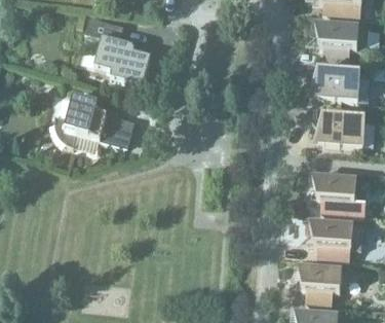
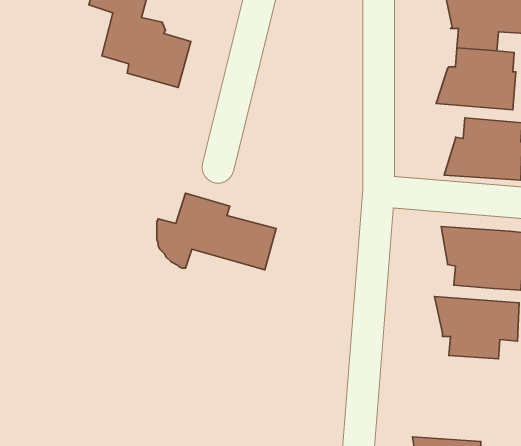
building: [54,97,131,146] -> [157,193,276,270]
building: [297,264,341,303] -> none

